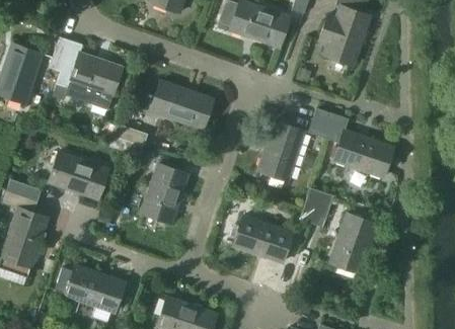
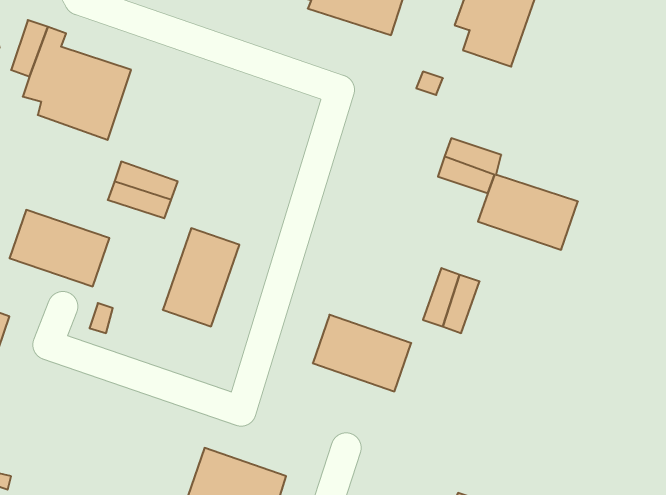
building: [149,80,213,129] -> none
building: [257,120,304,180] -> none
building: [329,213,376,272] -> none
building: [55,265,125,312] -> none

